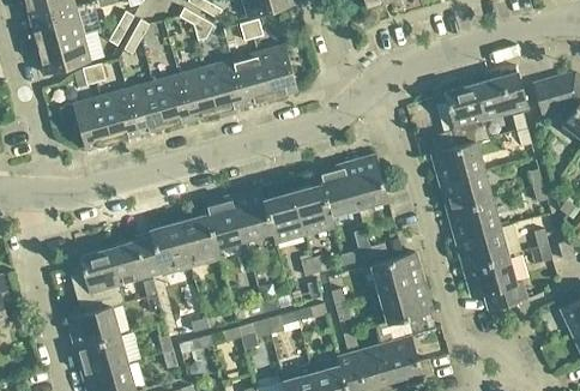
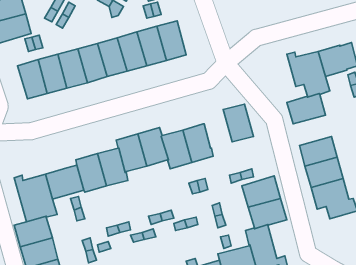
building: [318,163,358,215] -> none
building: [440,170,491,211] -> none

